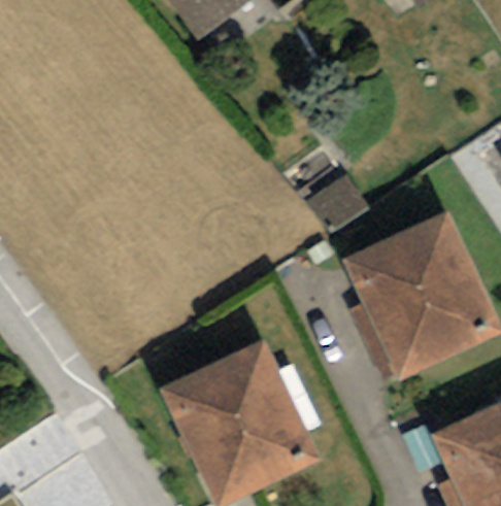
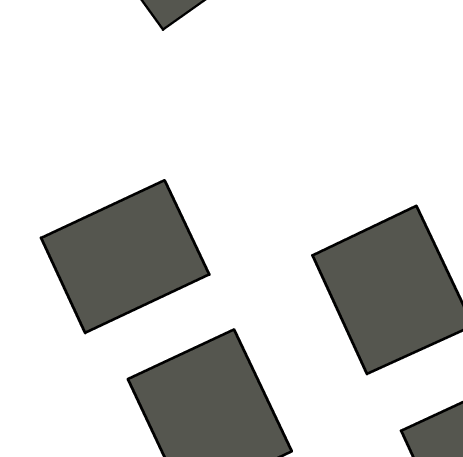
building: none -> [41,180,209,333]

